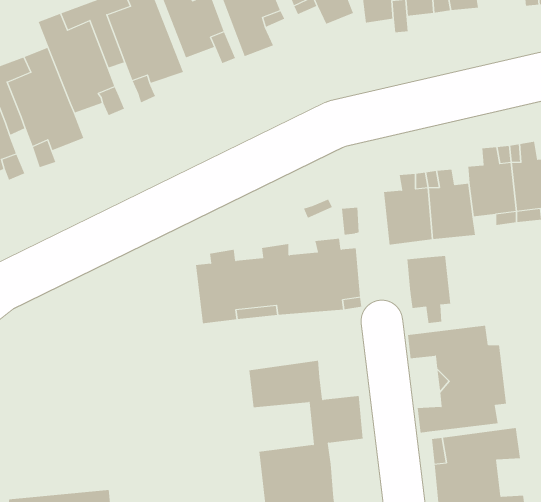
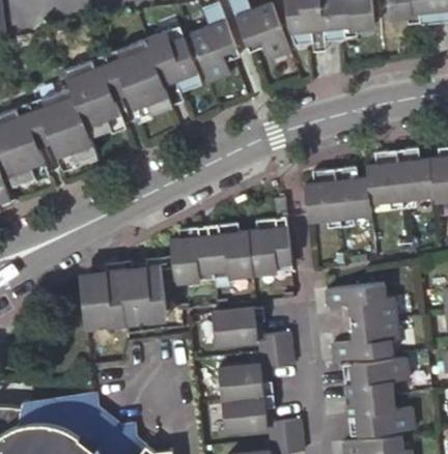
building: [407,255,451,324] -> none
building: none -> [81,260,163,324]

